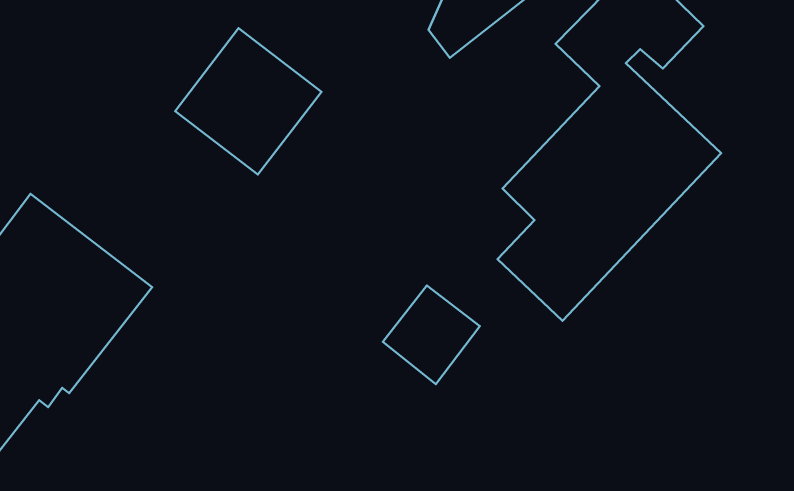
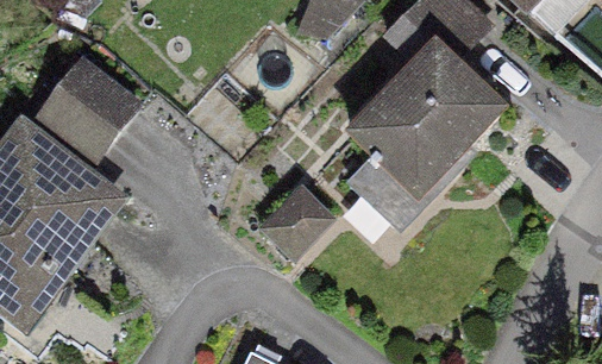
building: [175,28,321,175] -> [37,62,136,161]

